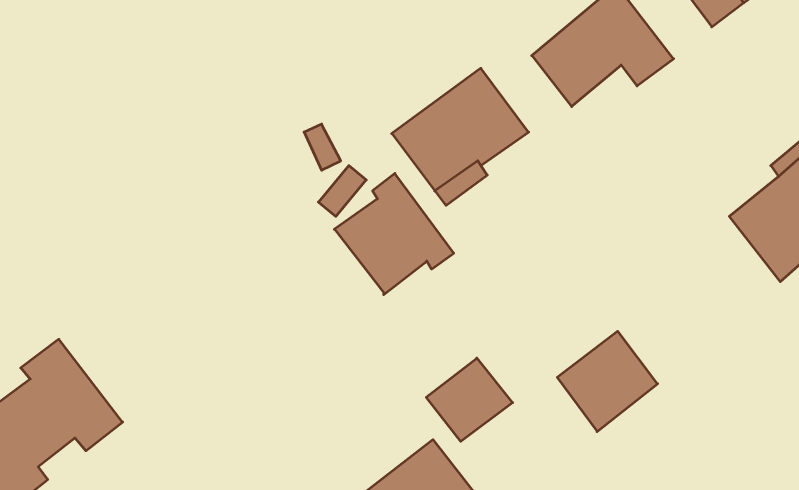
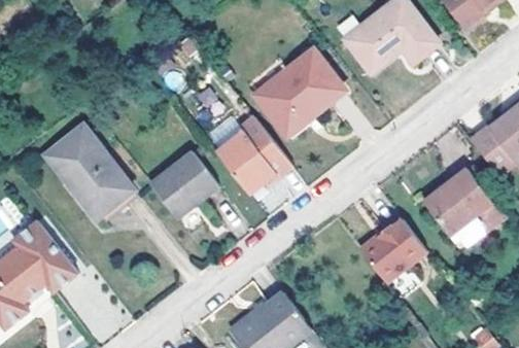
building: none -> [45,125,133,213]
building: none -> [150,149,218,215]
building: none -> [422,169,496,260]
building: [426,358,513,441] -> none

